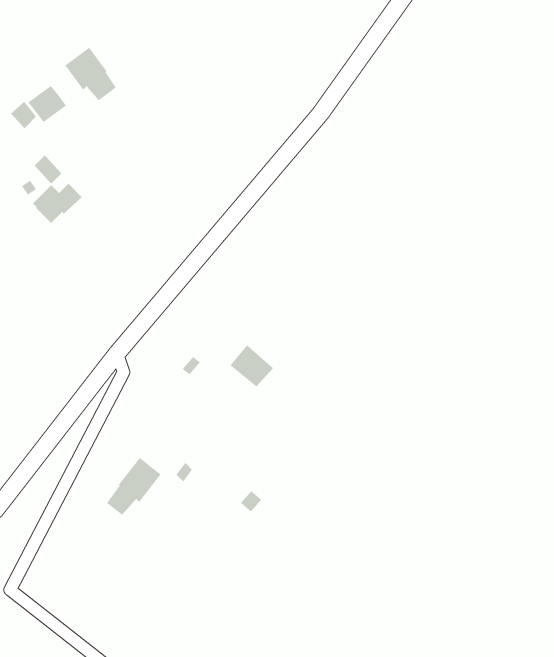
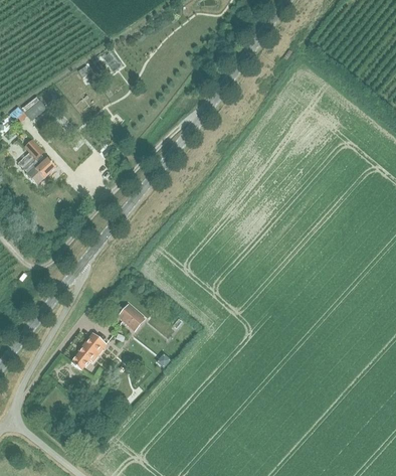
building: [64,47,117,101] -> none
building: [230,345,274,387] -> [118,303,146,330]

